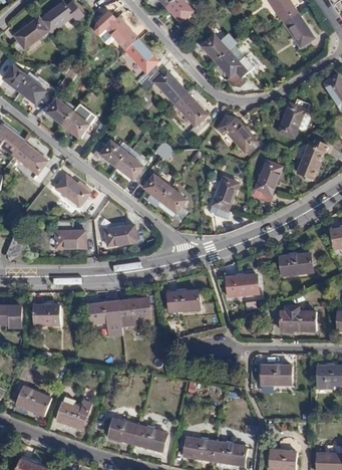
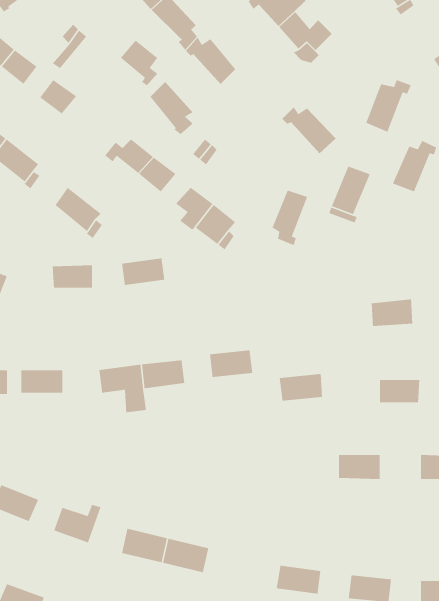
building: [175,91,206,130] -> [149,81,193,135]
building: [62,110,89,144] -> [120,40,158,86]
building: [226,274,257,294] -> [279,373,323,402]
building: [185,438,217,460] -> none

